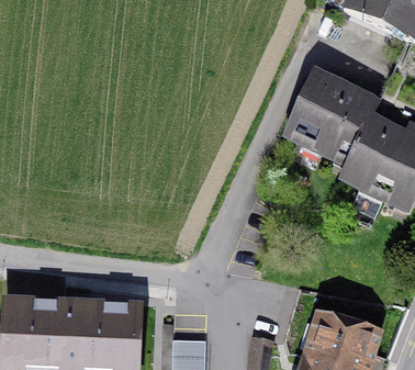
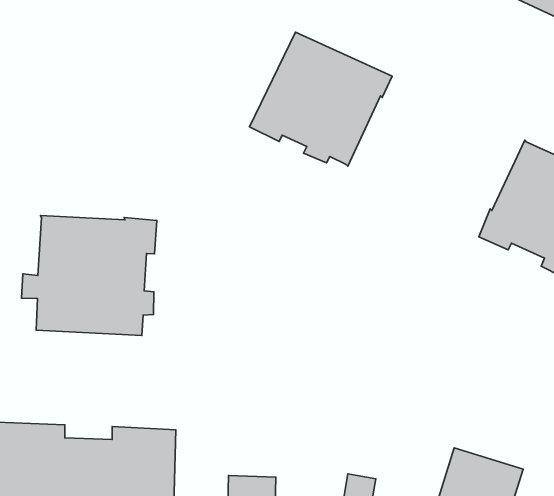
building: [284,68,380,158] -> [250,32,392,166]
building: none -> [22,216,157,336]

